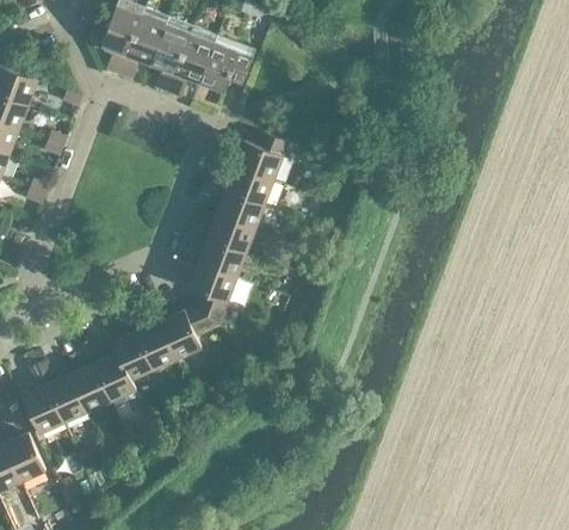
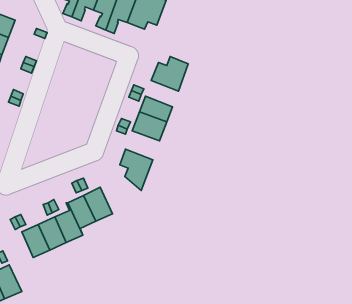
building: [225,167,273,205] -> none
building: [197,240,246,282] -> none
building: [160,306,219,359] -> none
building: [21,386,63,435] -> none

